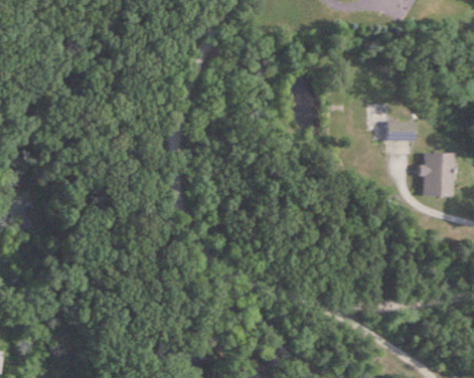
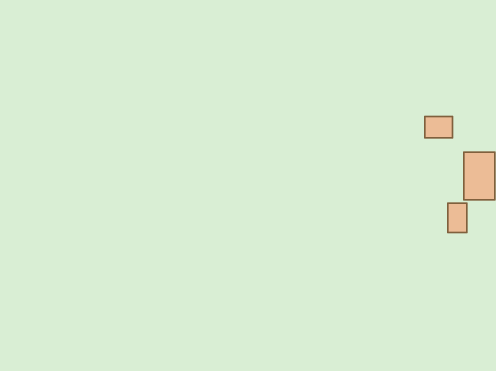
building: none -> [448,203,467,232]

